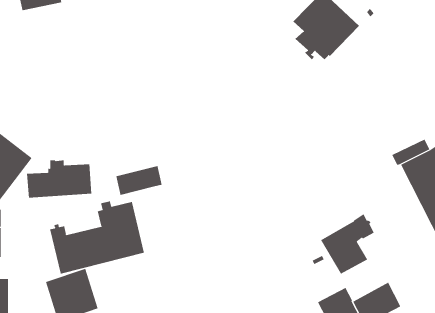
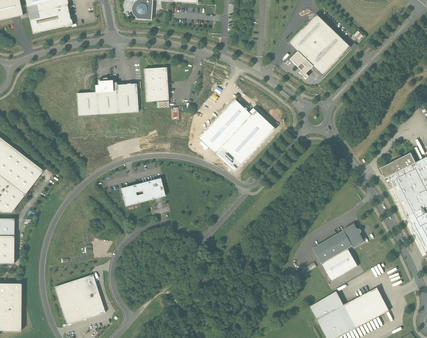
building: none -> [144,66,168,101]
building: none -> [198,98,275,171]
building: [26,160,92,198] -> [76,79,138,115]
building: [50,201,145,274] -> none

